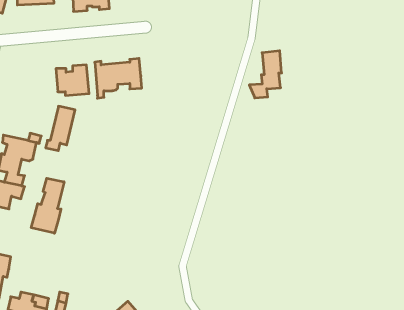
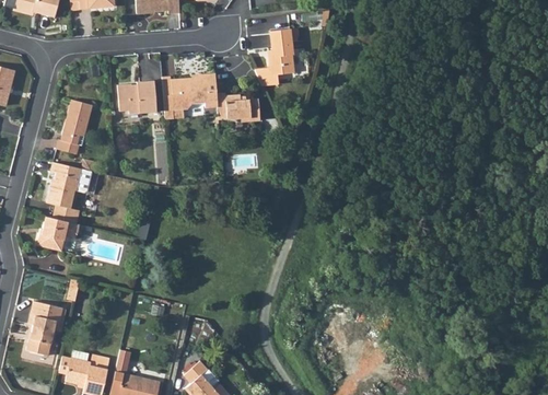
building: [249,51,282,98] -> [255,30,293,85]
building: none -> [217,93,260,121]
building: [46,106,75,151] -> [57,98,92,151]
building: [31,178,64,233] -> none

